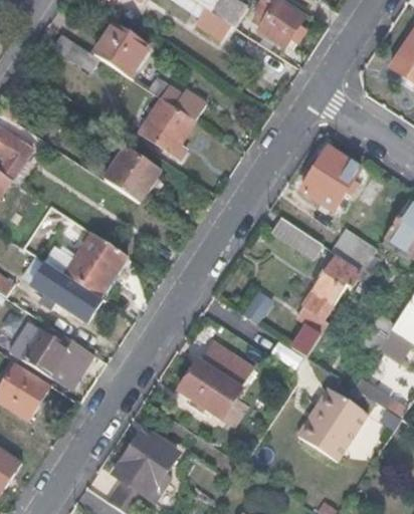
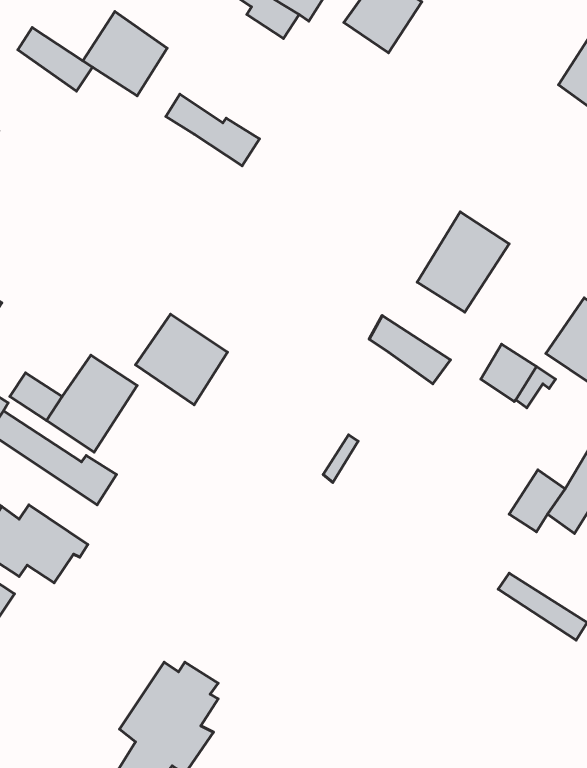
building: [139,98,193,153] -> none
building: [101,149,160,206] -> [135,314,228,405]
building: [291,254,361,354] -> none
building: [179,340,254,417] -> none
building: [298,390,370,464] -> none

